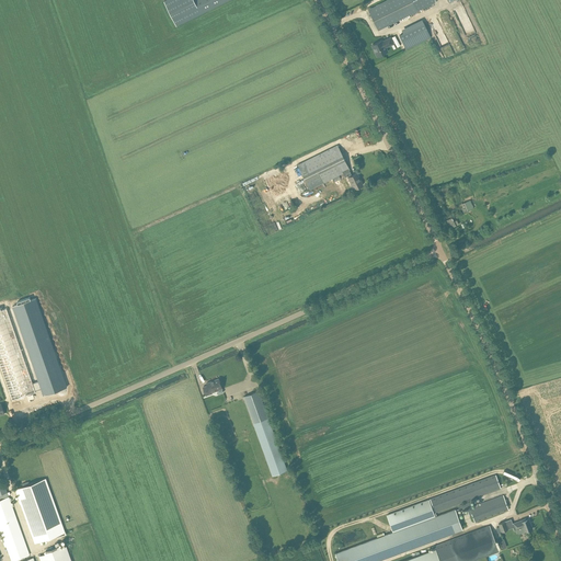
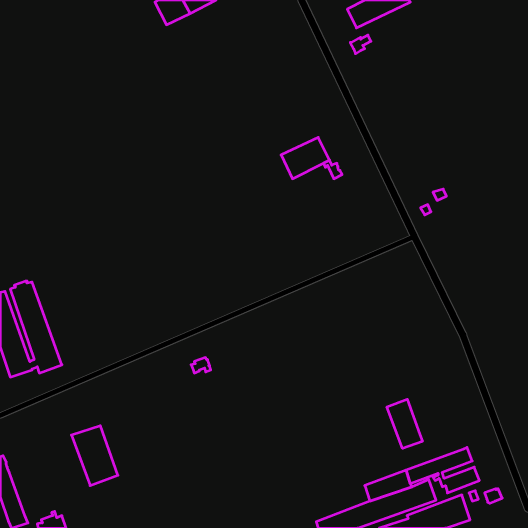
building: [399,23,431,49] -> none
building: [243,391,287,476] -> none
building: none -> [387,399,422,448]
building: [15,479,65,542] -> [71,426,118,486]

